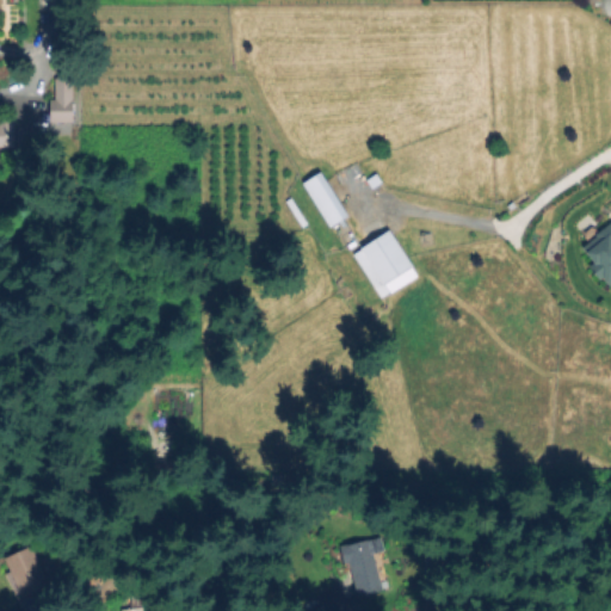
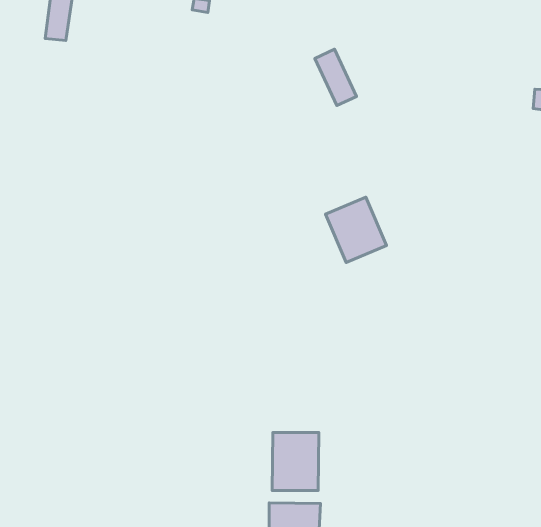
building: [301,172,347,227] -> [315,49,356,106]
building: none -> [272,433,319,490]

